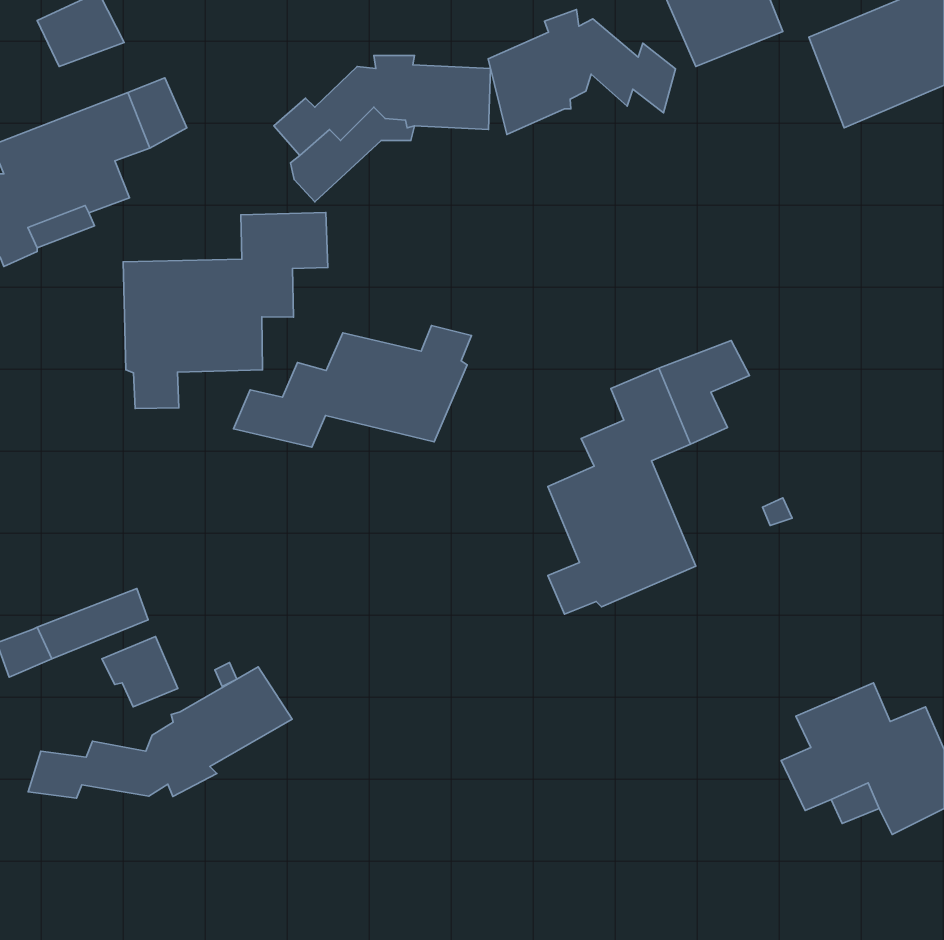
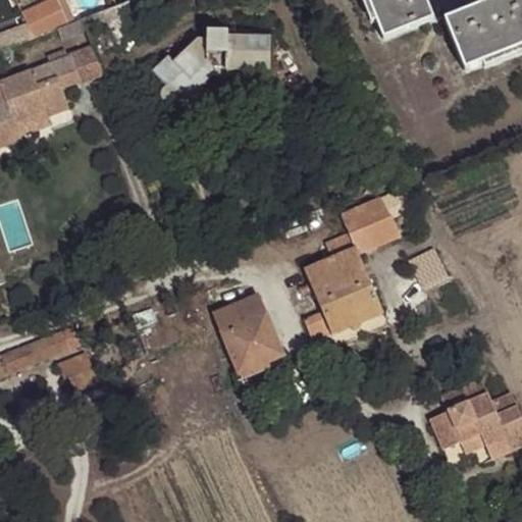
building: [488,10,676,134] -> none
building: [123,213,328,409] -> none
building: [234,326,472,447] -> none
building: none -> [212,293,282,373]
building: [28,667,292,798] -> none

